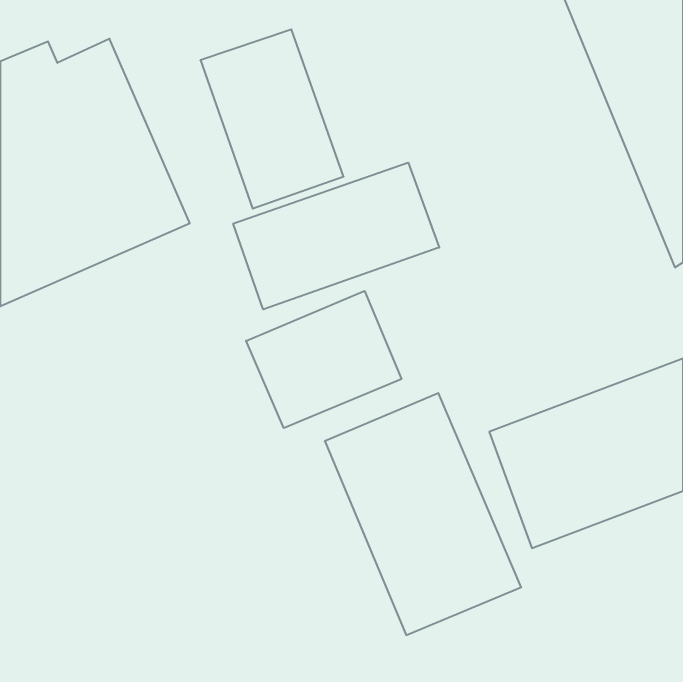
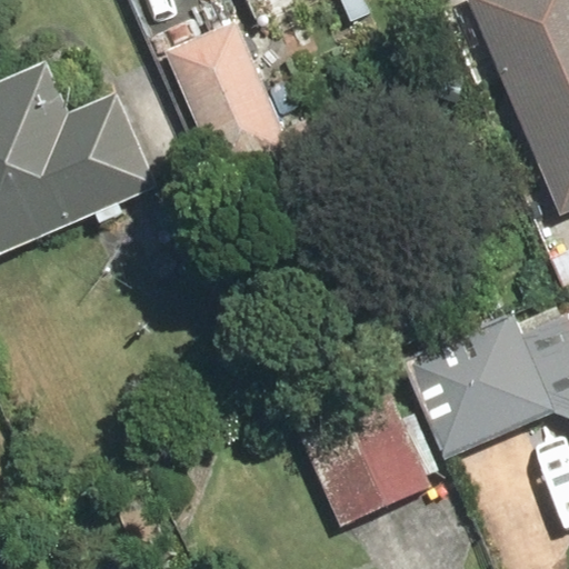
building: [233,163,439,309] -> none
building: [246,291,401,428] -> none

